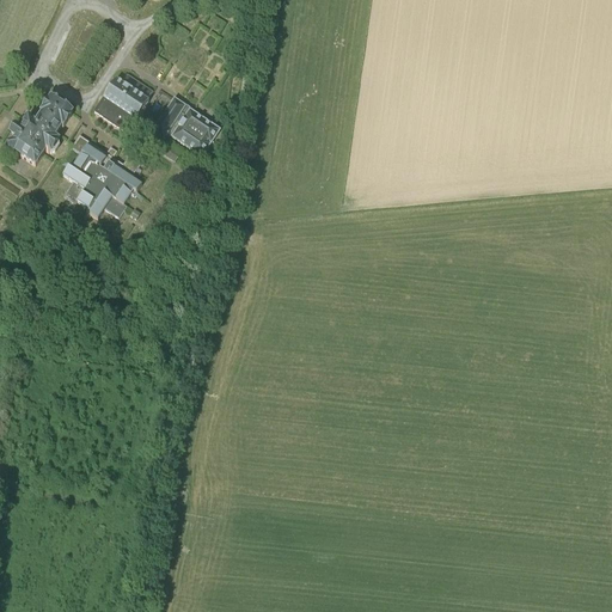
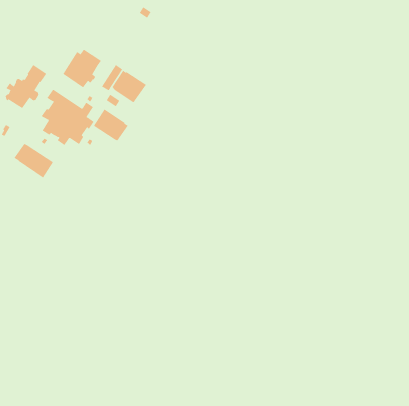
building: none -> [93,108,129,141]
building: none -> [14,143,54,179]

